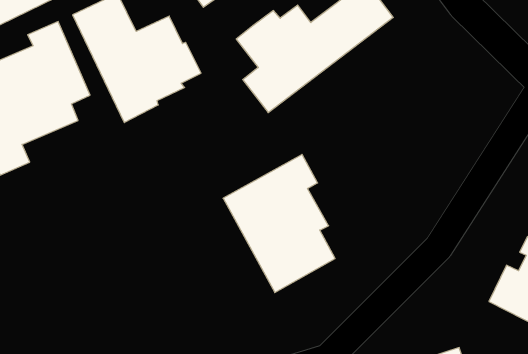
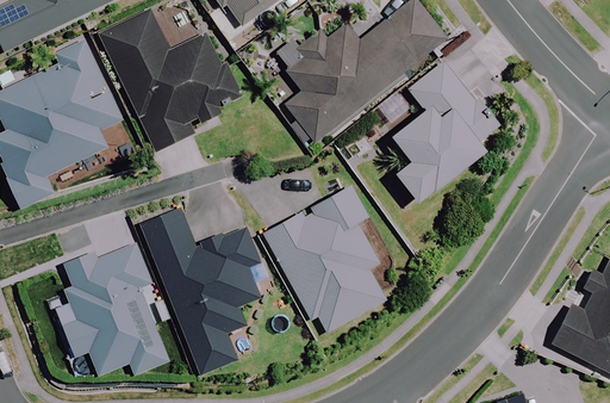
building: none -> [392,61,502,202]
building: none -> [141,209,259,374]
building: none -> [57,244,168,374]

